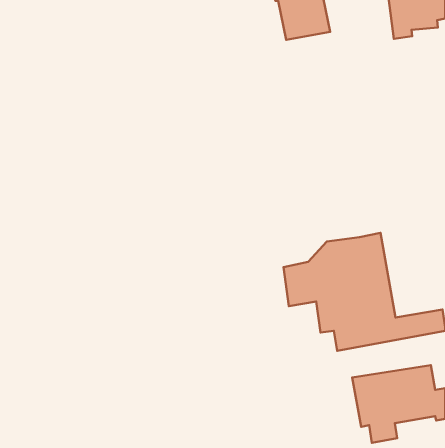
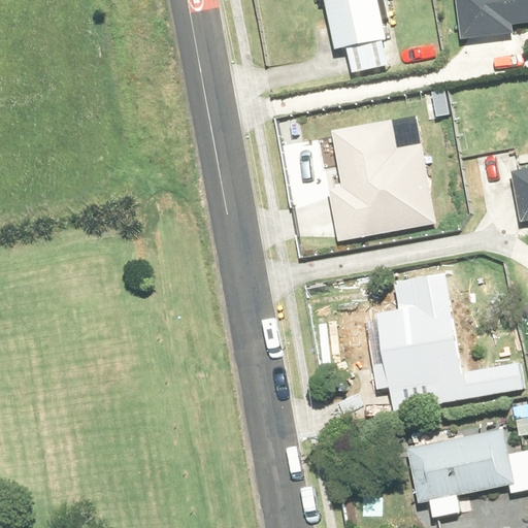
building: none -> [327,121,435,240]

